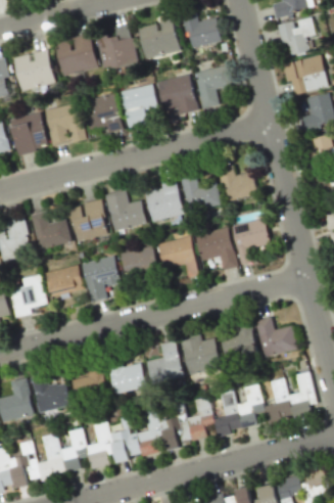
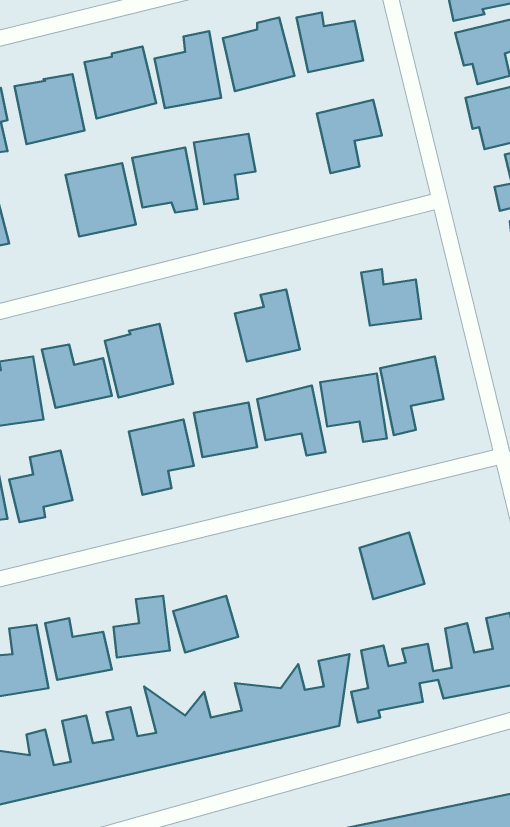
building: [157,74,197,113] -> none
building: [10,112,48,153] -> none
building: [180,174,221,211] -> none
building: [106,190,148,230] -> none
building: [46,265,84,295] -> none
building: [255,317,297,357] -> none
building: [181,334,221,374] -> none
building: [146,340,184,384] -> none

